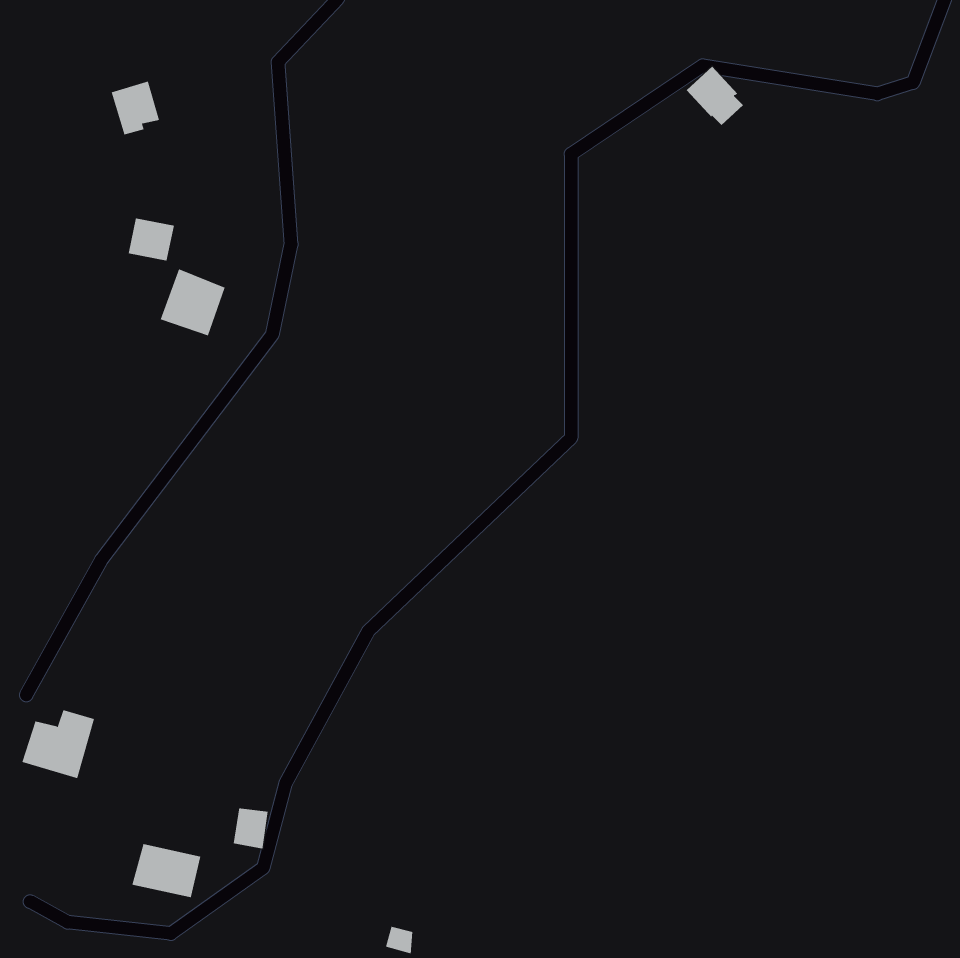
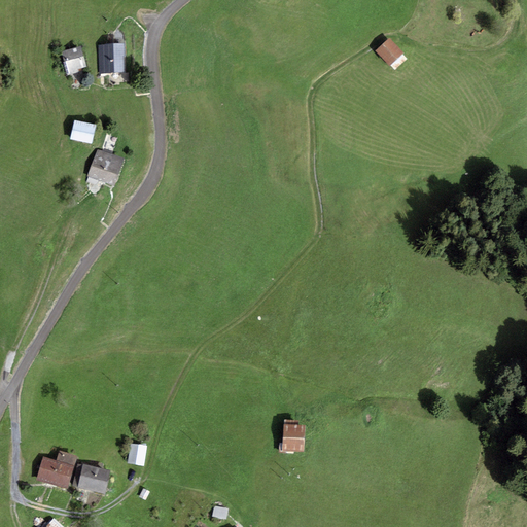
building: none -> [99,42,126,73]
building: [22,709,95,779] -> [37,450,77,488]
building: none -> [281,427,300,452]

